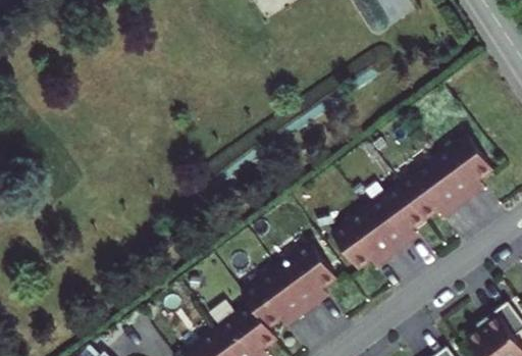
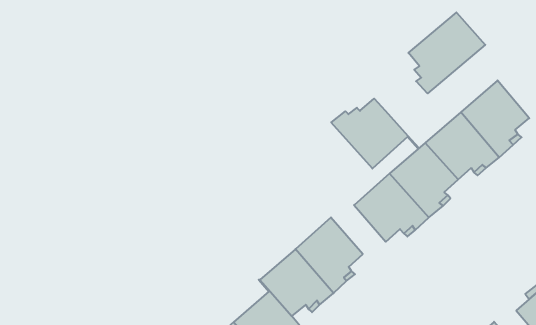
building: none -> [408,12,485,93]
building: none -> [331,99,418,169]

